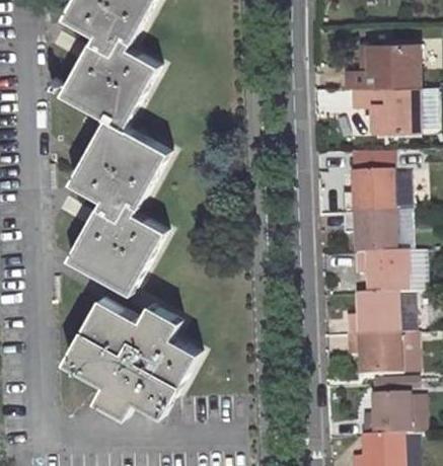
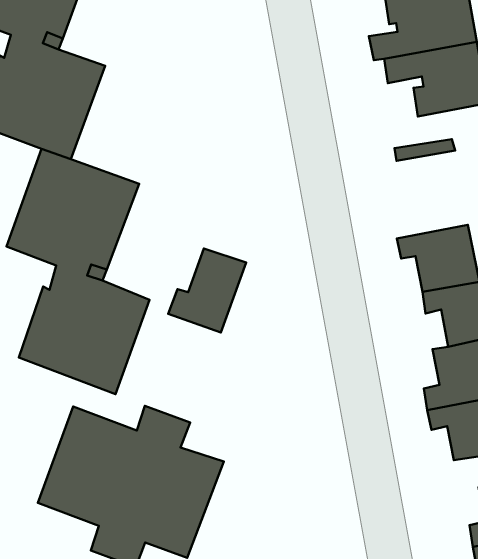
building: [342,171,392,215] -> none
building: none -> [168,248,246,333]

